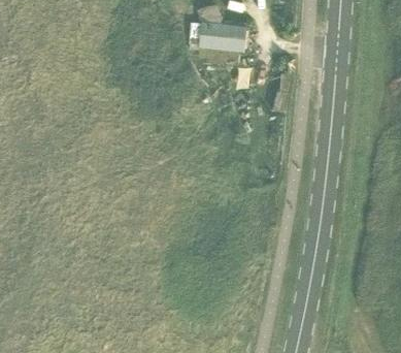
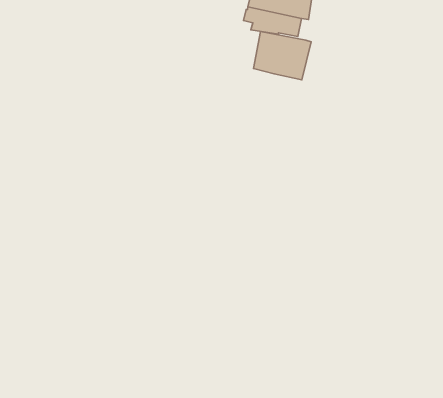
building: none -> [254,31,311,80]

